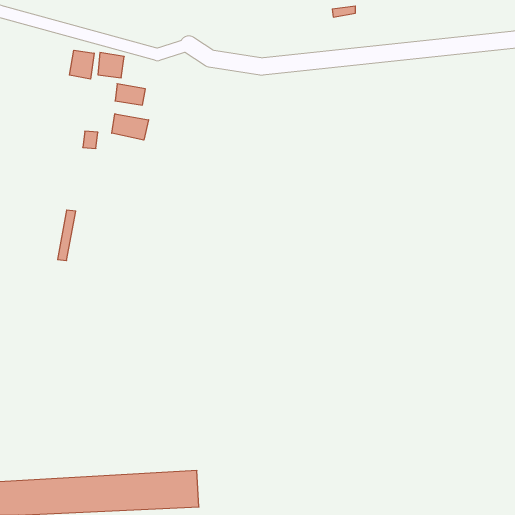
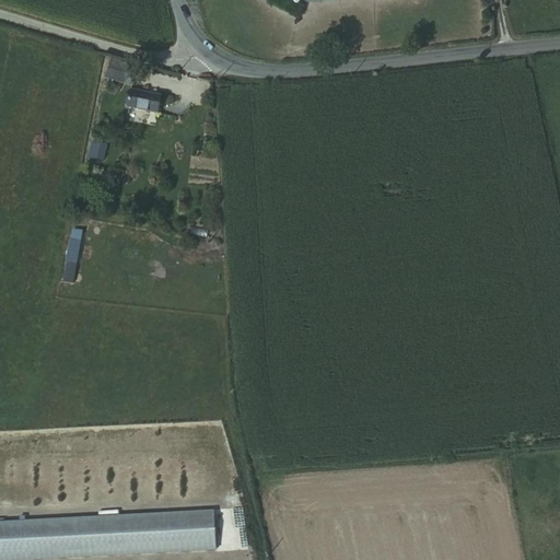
building: [69,50,94,79] -> none
building: [112,114,149,140] -> none

